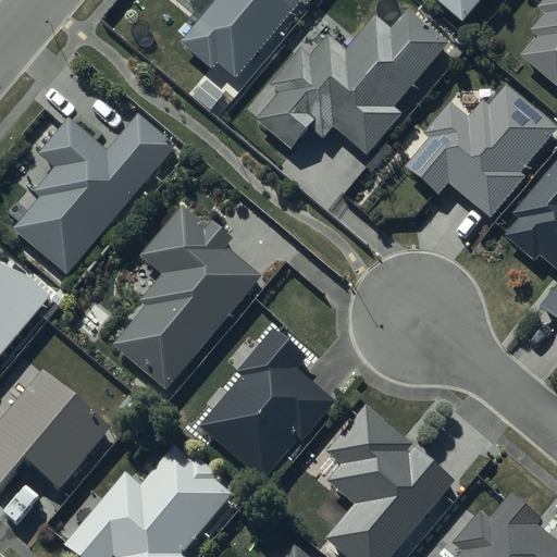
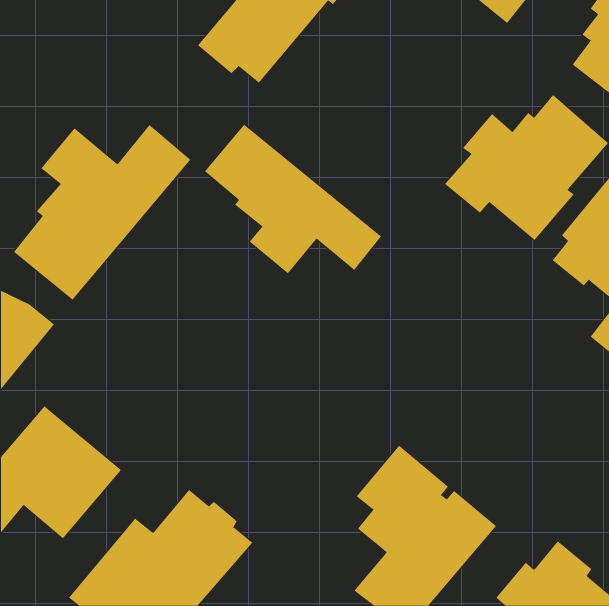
building: [256,7,448,153] -> none
building: none -> [204,124,382,274]
building: [114,208,260,392] -> none
building: [200,330,335,478] -> none

